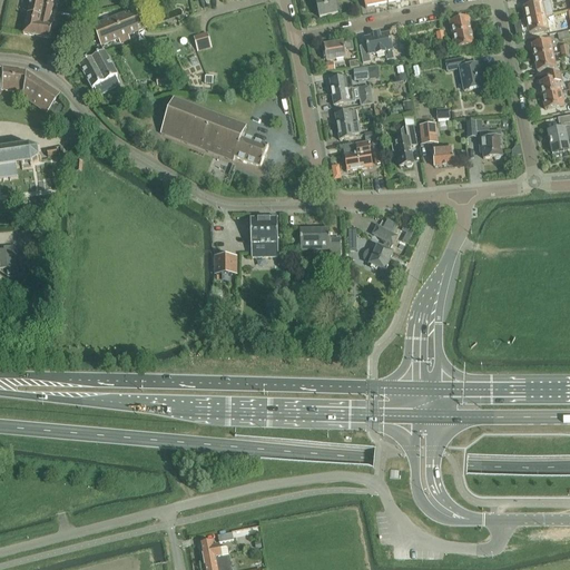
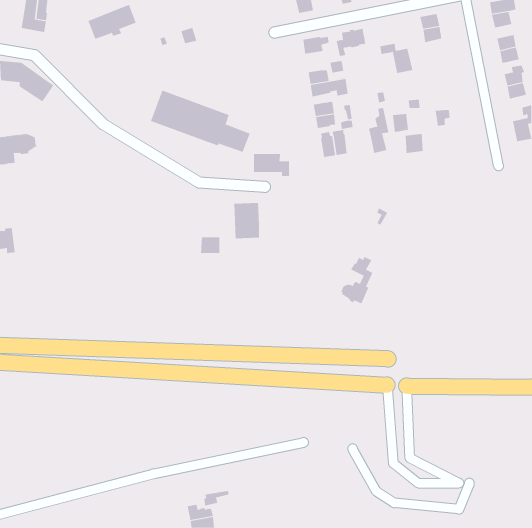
building: [79,48,119,91] -> none
building: [445,56,481,88] -> [380,43,413,73]
building: [478,127,500,156] -> none
building: [362,216,396,267] -> [341,256,373,304]
building: [299,227,338,252] -> [253,154,290,177]

